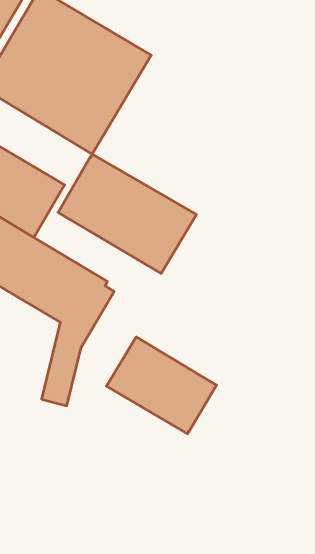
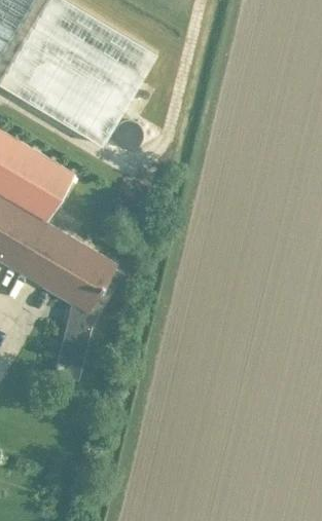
building: [58,154,196,273] -> none
building: [106,337,217,434] -> none

